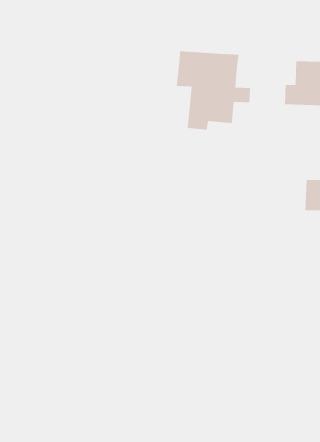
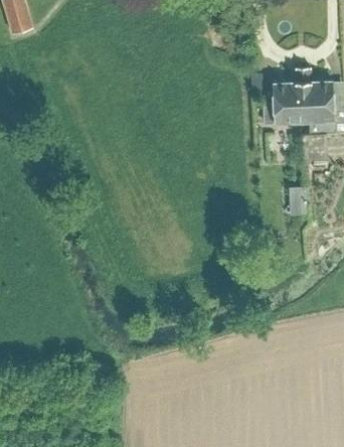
building: [176,51,251,130] -> none

